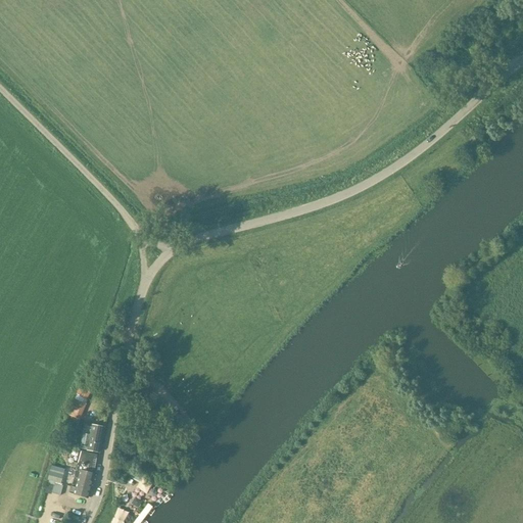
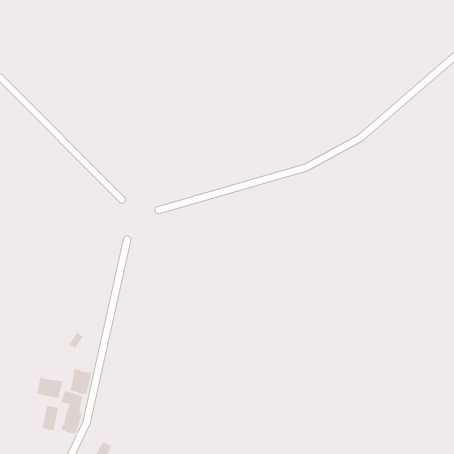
building: none -> [37,377,63,399]

